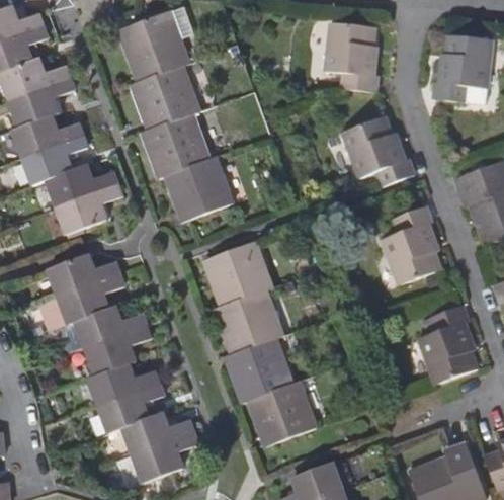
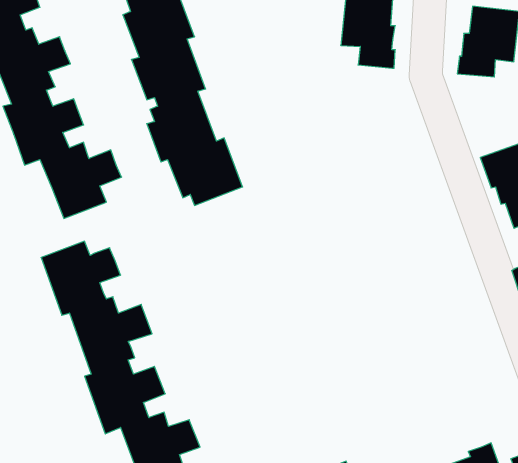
building: [342,118,415,187] -> none
building: [382,206,440,285] -> none
building: [207,242,317,443] -> none
building: [415,301,474,380] -> none

